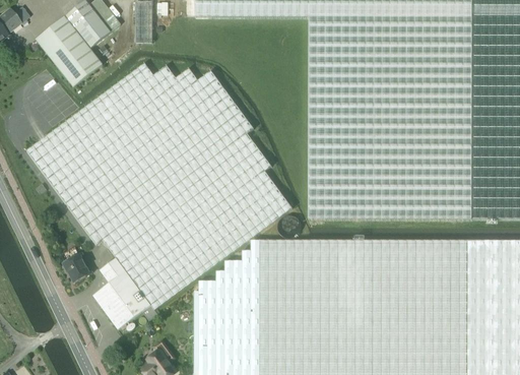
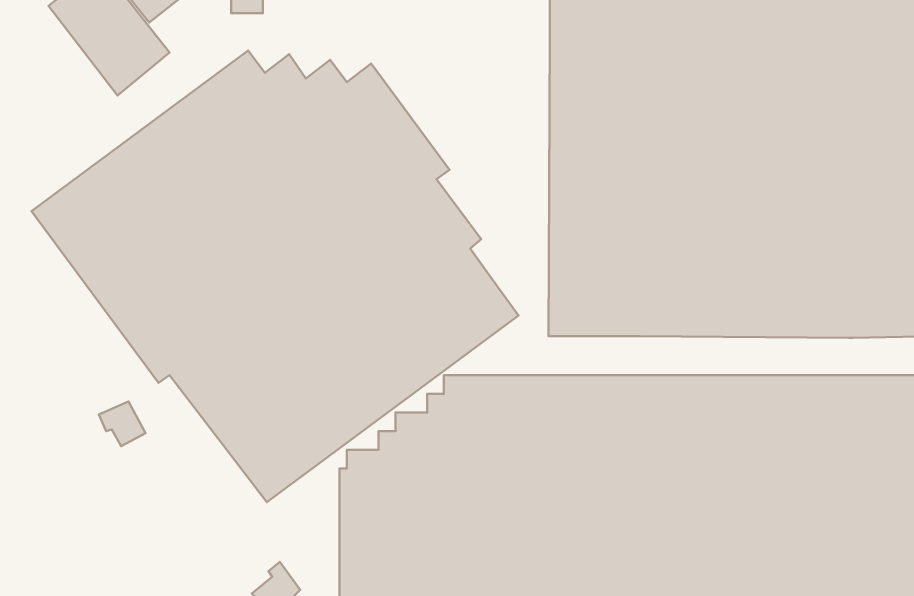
building: [92,258,158,329] -> none

